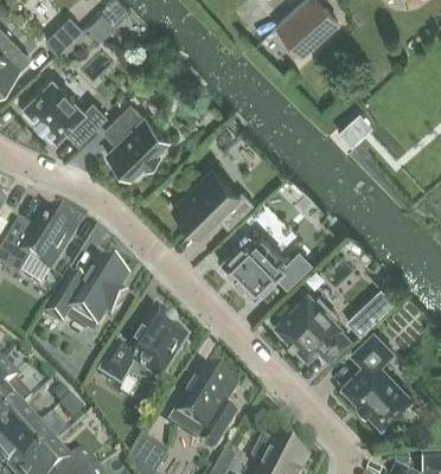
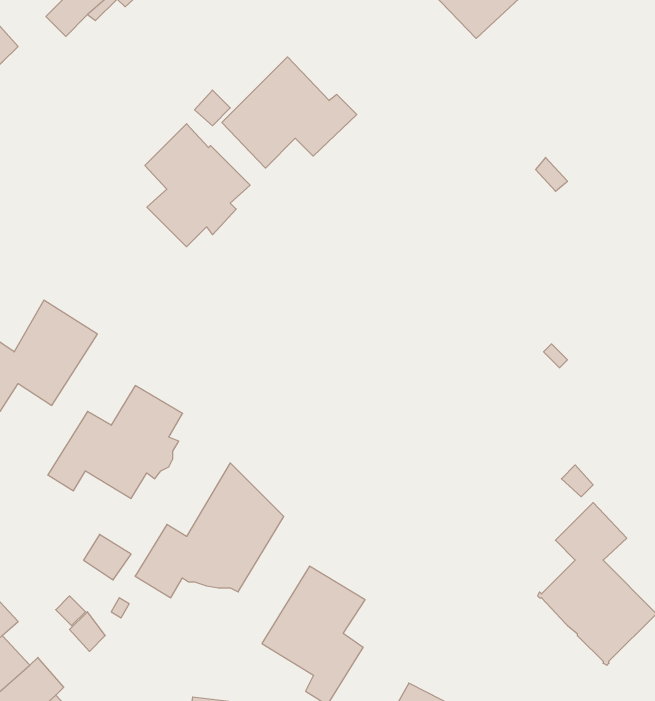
building: [23,78,104,142] -> none
building: [172,168,253,235] -> [222,57,357,168]
building: [218,235,309,299] -> none
building: [274,293,349,360] -> none

